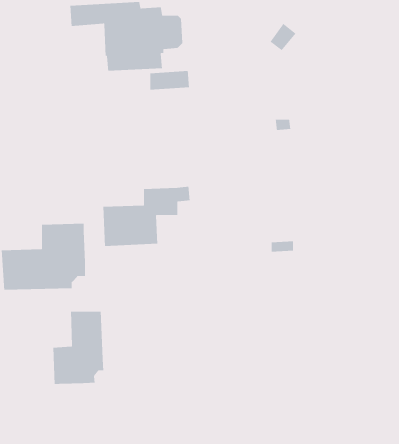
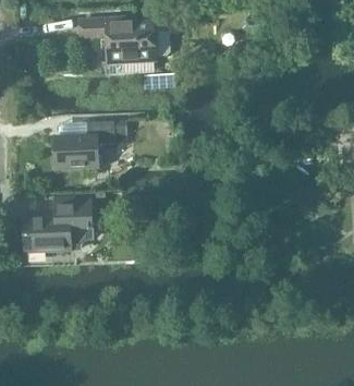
building: [103,186,190,247] -> [52,120,123,169]
building: [53,311,104,385] -> none

